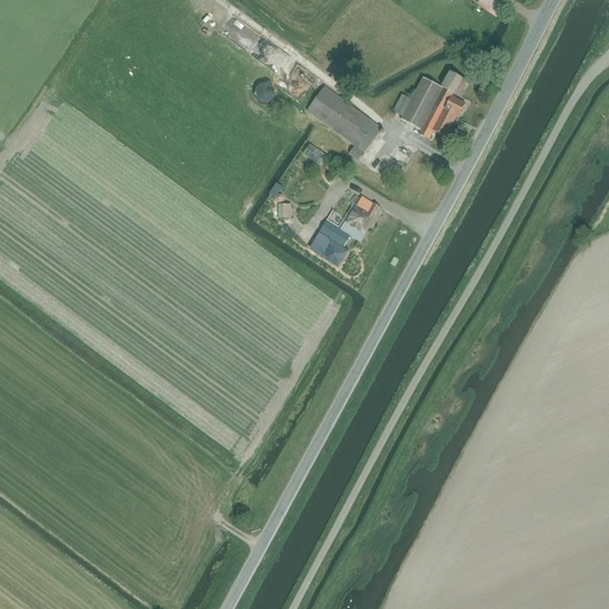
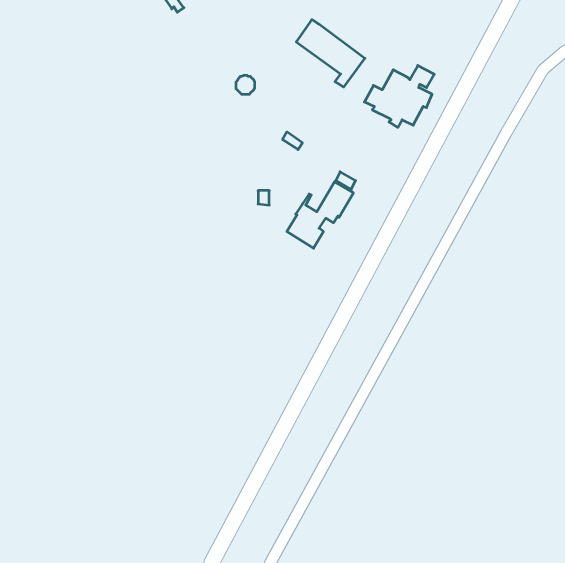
building: [307,86,381,158] -> [296,20,365,87]

